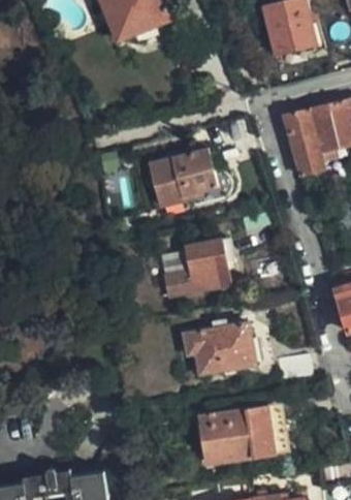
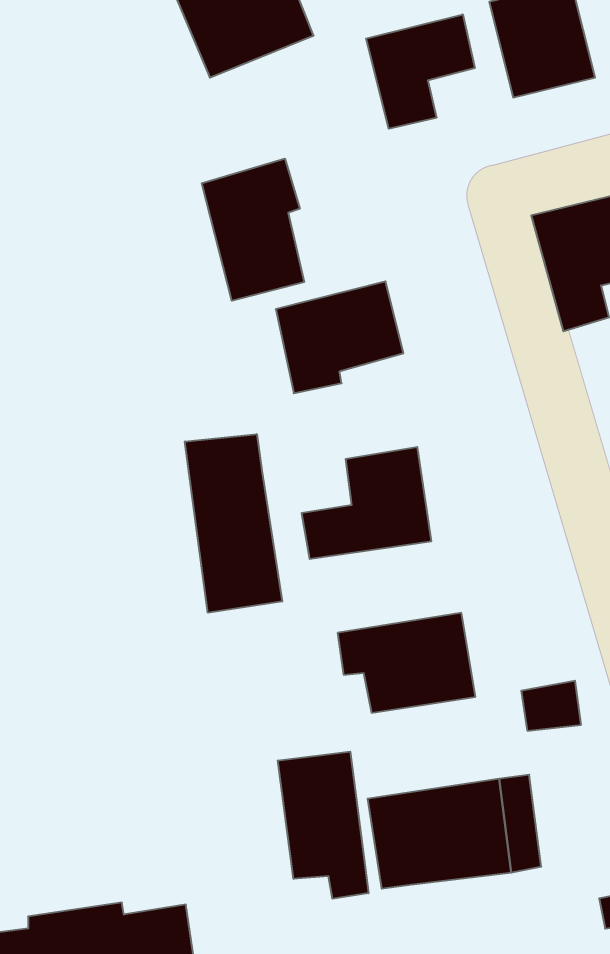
building: none -> [366,14,475,129]
building: none -> [202,159,304,301]
building: none -> [185,434,282,613]
building: none -> [278,752,368,899]

